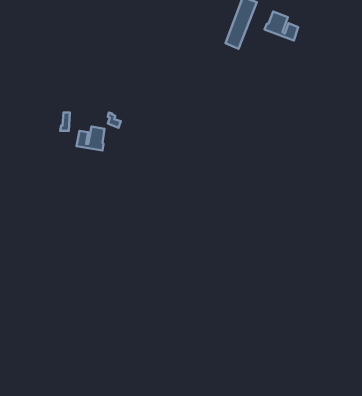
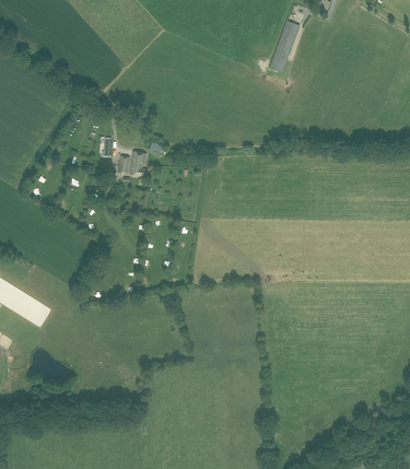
building: [265,11,298,41] -> none

